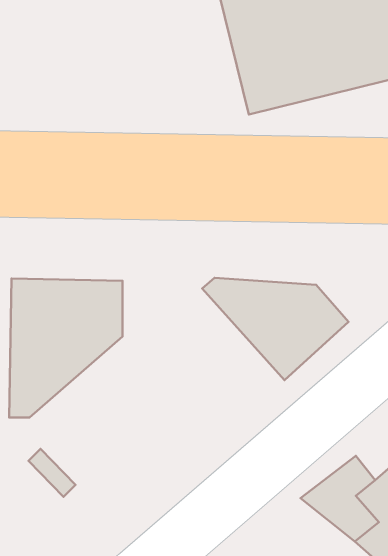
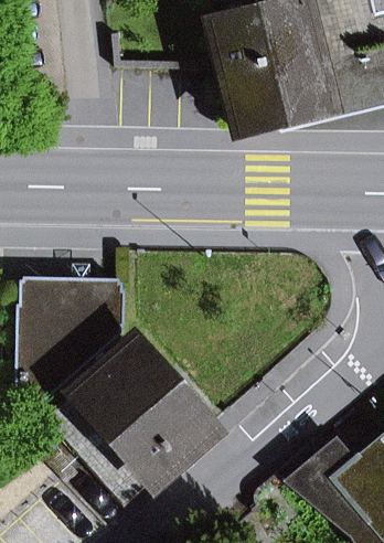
building: [202,278,349,380] -> none
building: none -> [49,345,207,504]

